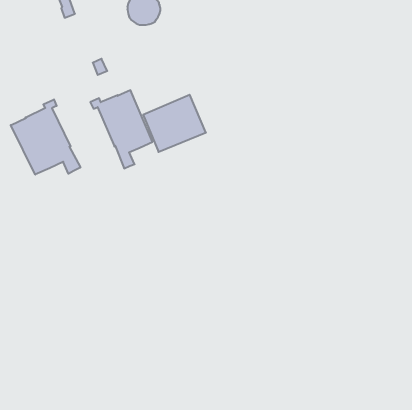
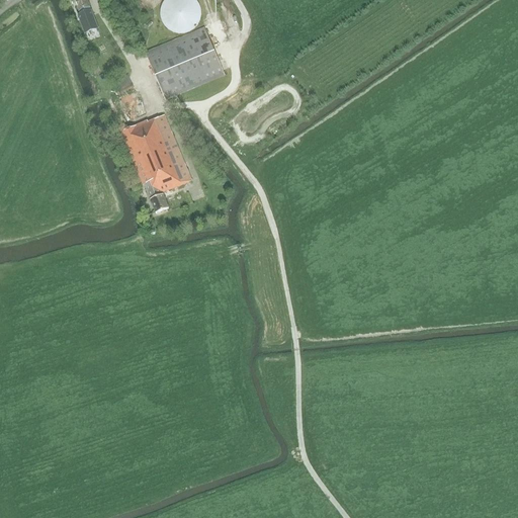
building: [143,95,206,152] -> [146,26,225,98]
building: [11,99,80,175] -> none

